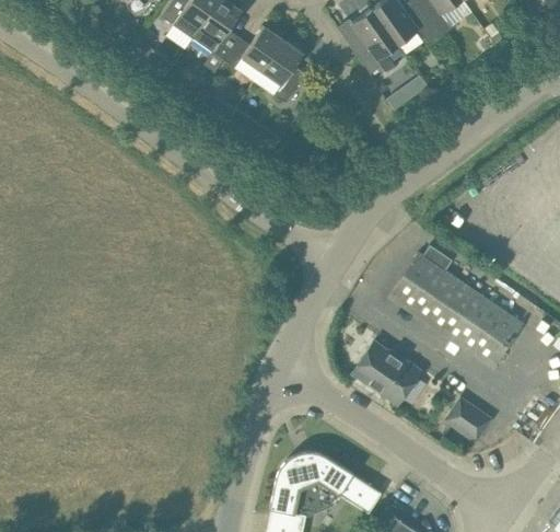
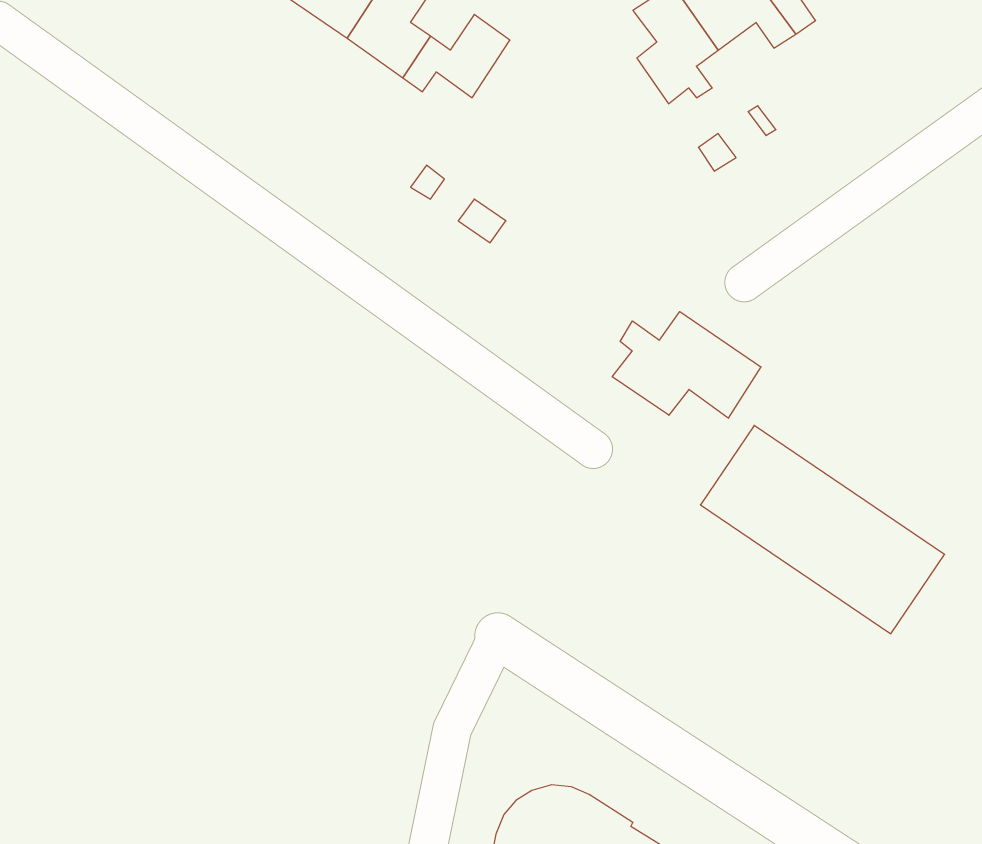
building: [262,39,304,103] -> none
building: none -> [612,312,761,418]
building: [353,342,420,403] -> none
building: [443,395,493,443] -> none

